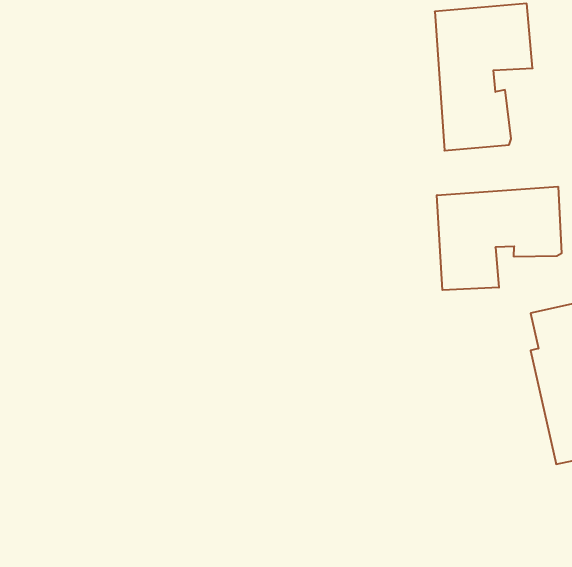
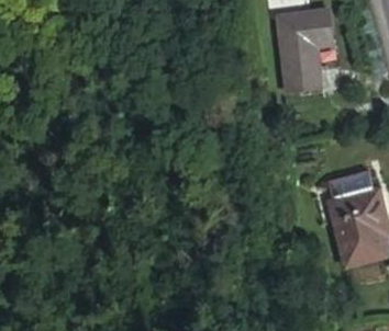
building: [437,187,562,290] -> none

